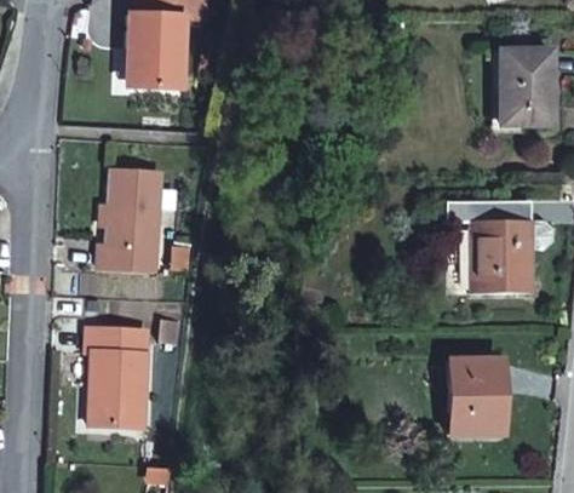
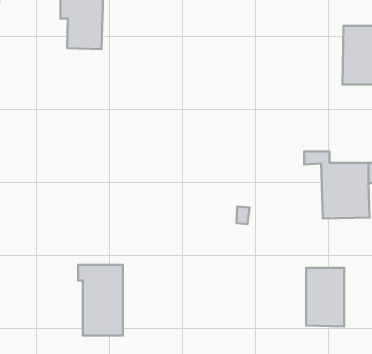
building: [107,167,160,260] -> none
building: [81,323,139,415] -> [78,265,123,335]

